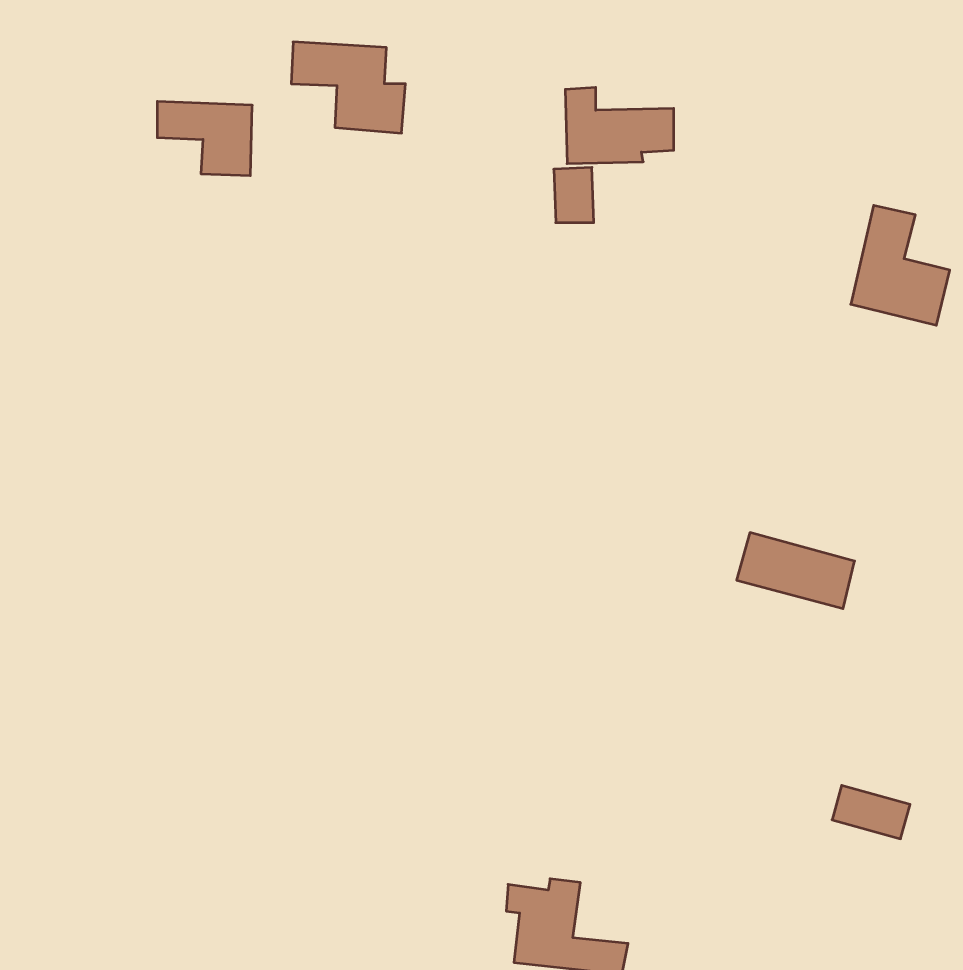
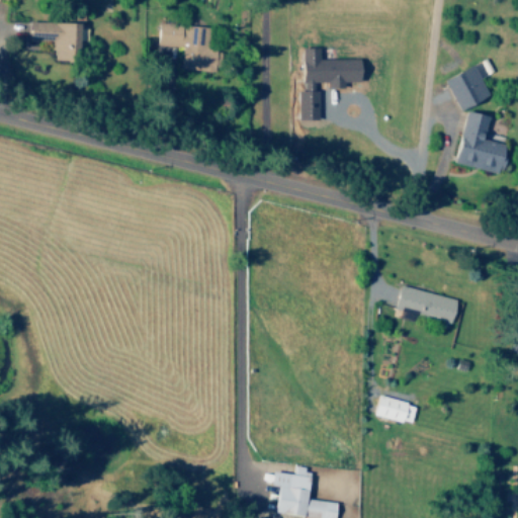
building: [157,101,252,176] -> [32,21,83,61]
building: none -> [447,62,492,110]
building: [832,785,910,839] -> [376,396,418,424]

